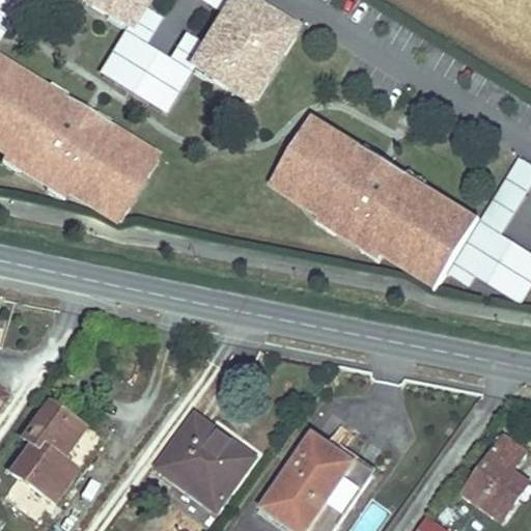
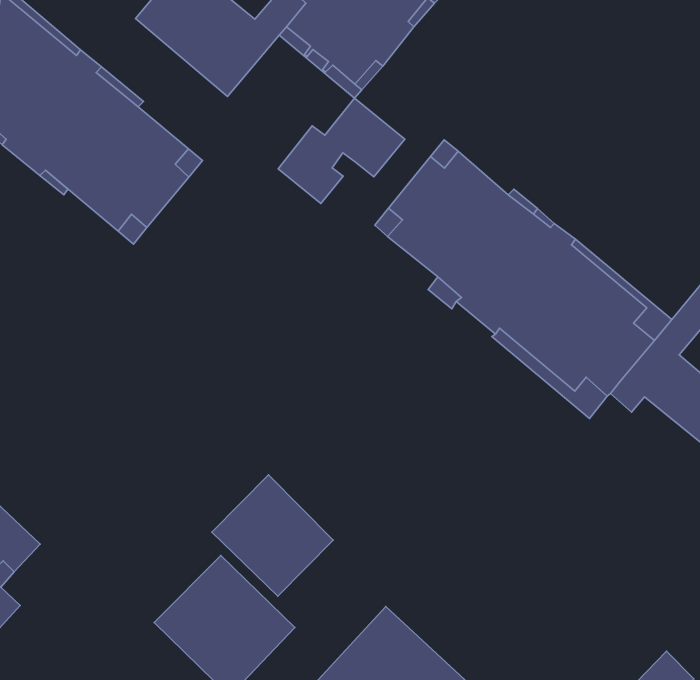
building: none -> [278,98,405,203]
building: none -> [212,475,333,596]

